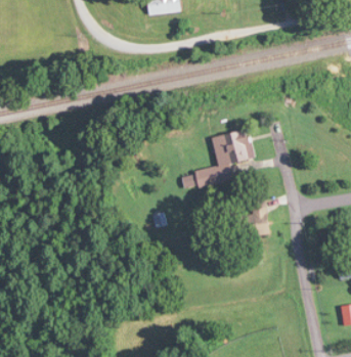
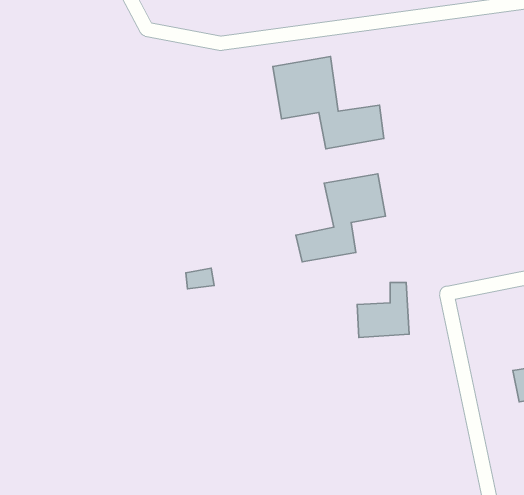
building: none -> [273,56,384,149]

